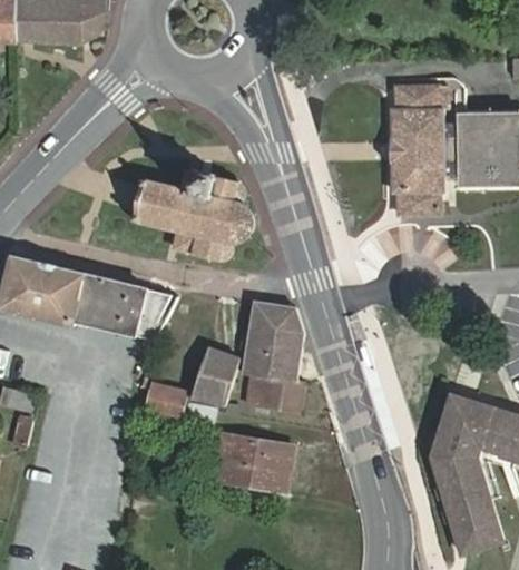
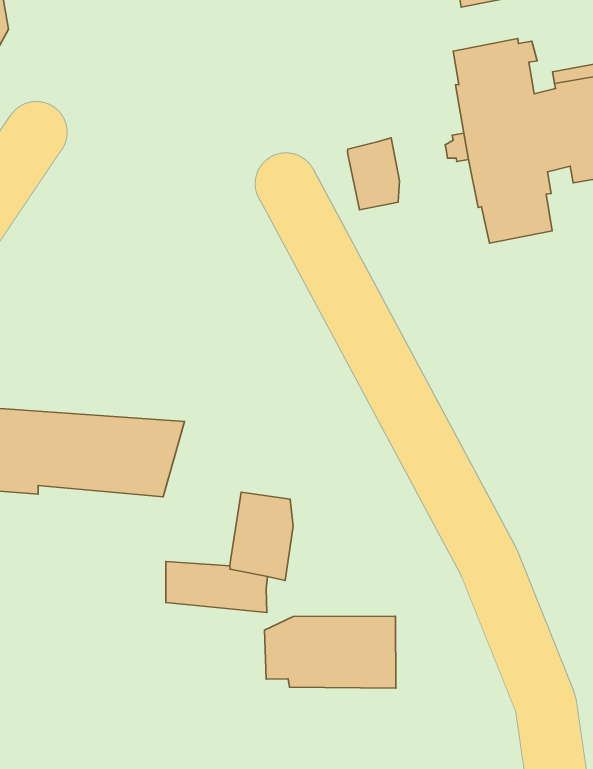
building: none -> [347,138,399,210]
building: [133,171,253,263] -> none
building: [244,304,305,413] -> none

